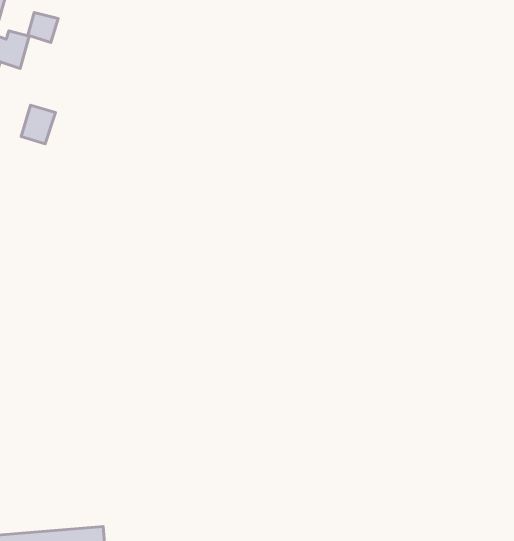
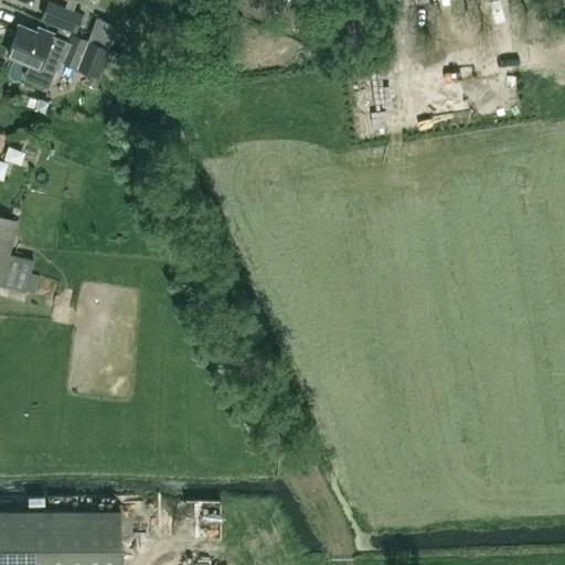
building: [21,105,55,144] -> [77,44,111,82]

